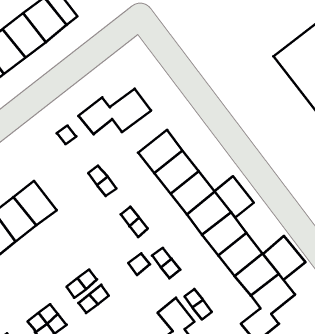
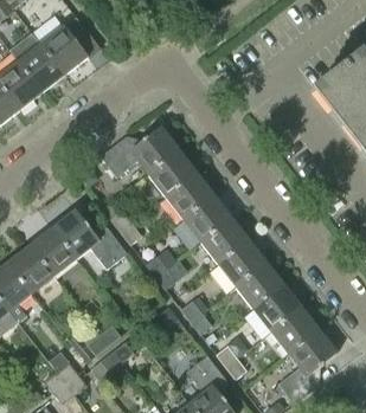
building: none -> [147,150,197,196]
building: none -> [51,209,127,269]
building: [215,176,254,218] -> none
building: [263,236,305,280] -> none

